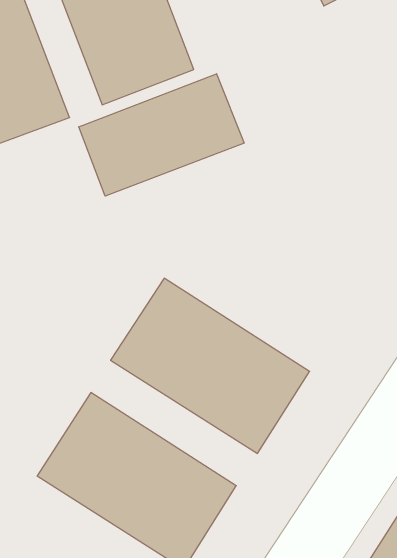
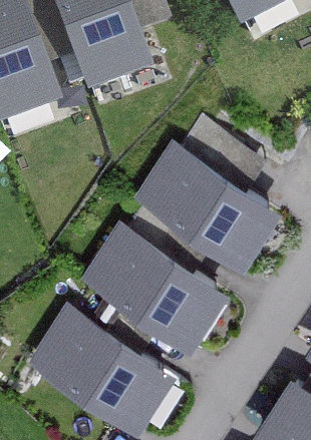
building: [79,74,244,196] -> none
building: none -> [137,138,279,263]

